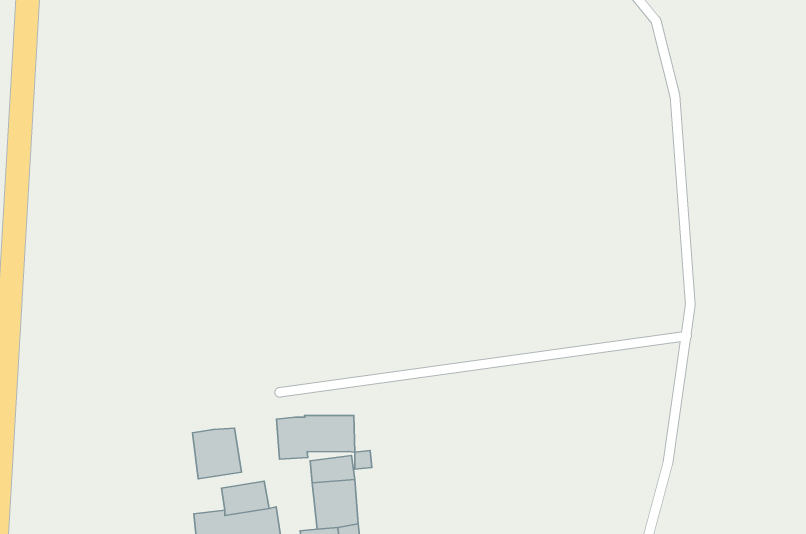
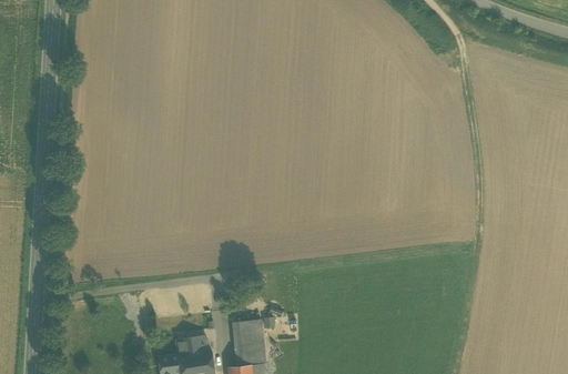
building: [276,415,355,459] -> none
building: [193,428,241,479] -> none

